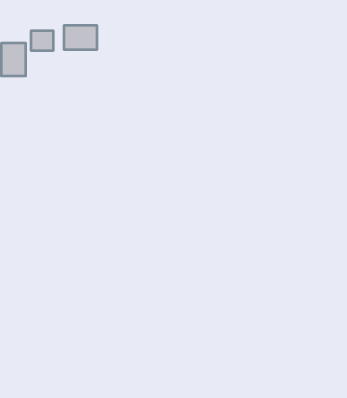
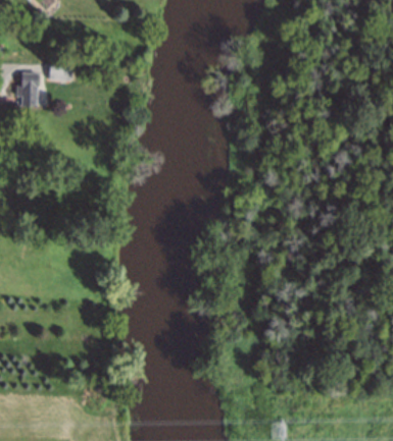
building: [64,25,97,50] -> none

